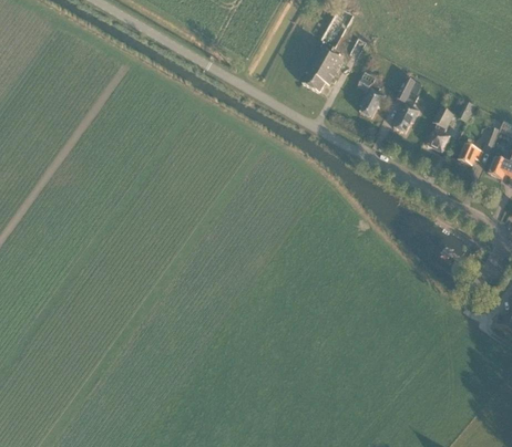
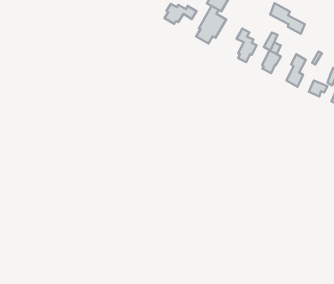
building: none -> [270,3,305,34]
building: none -> [164,4,197,24]

